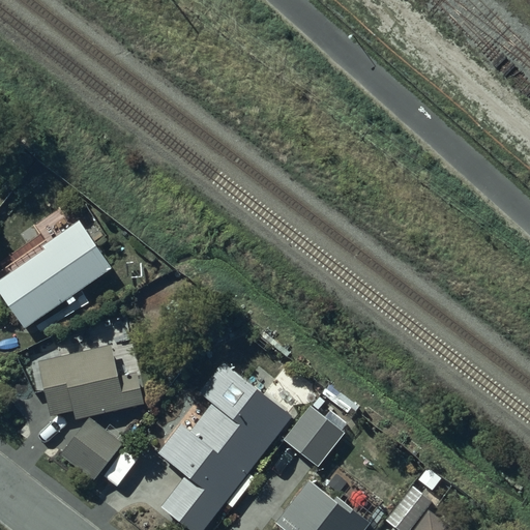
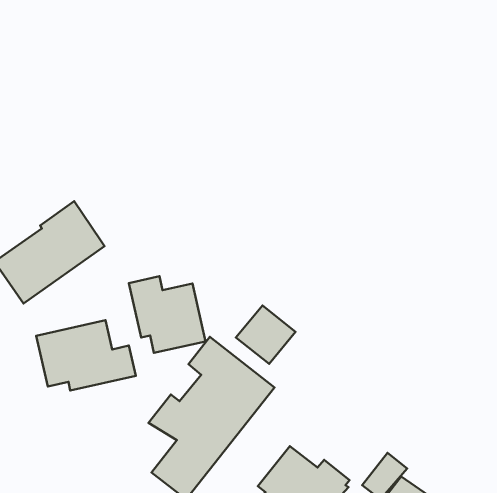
building: none -> [129,276,205,353]
building: [281,407,344,469] -> [236,305,296,364]
building: [60,418,123,481] -> none

